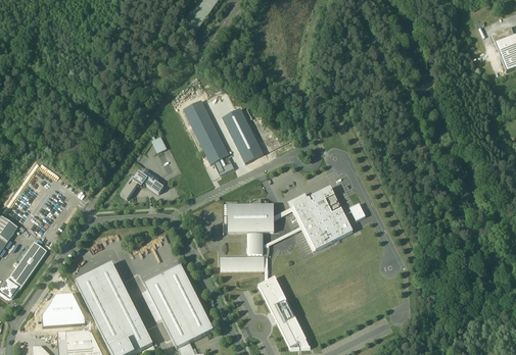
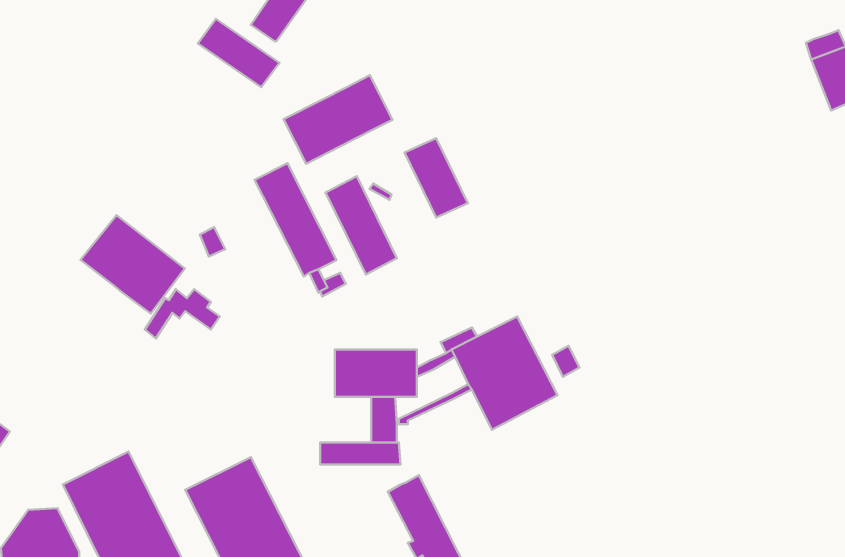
building: none -> [198,19,279,87]
building: none -> [284,75,393,164]
building: none -> [405,138,468,217]
building: none -> [81,215,185,314]

